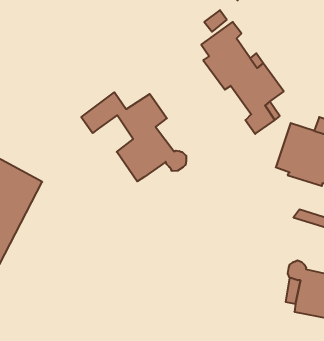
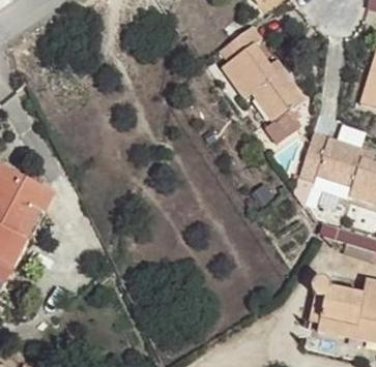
building: [81,92,186,181] -> none

